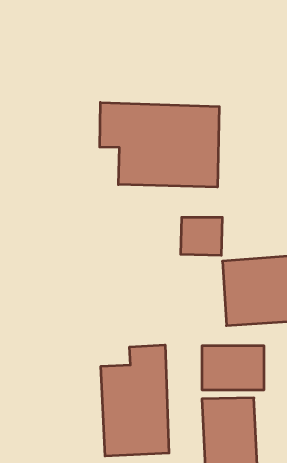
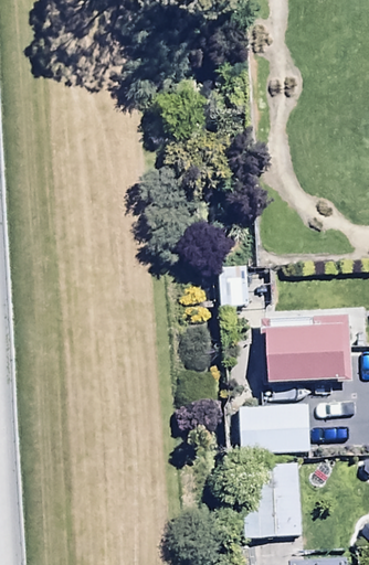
building: [100,102,219,187] -> none
building: [101,345,169,456] -> none

